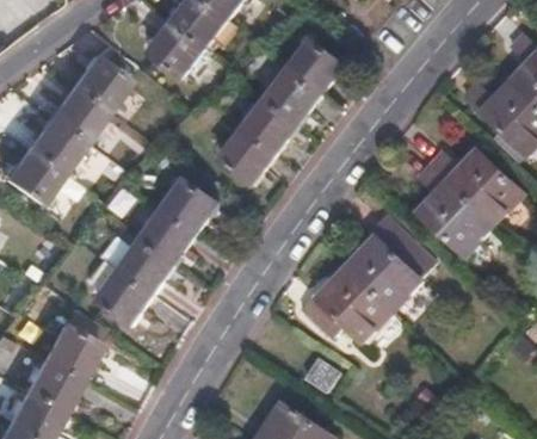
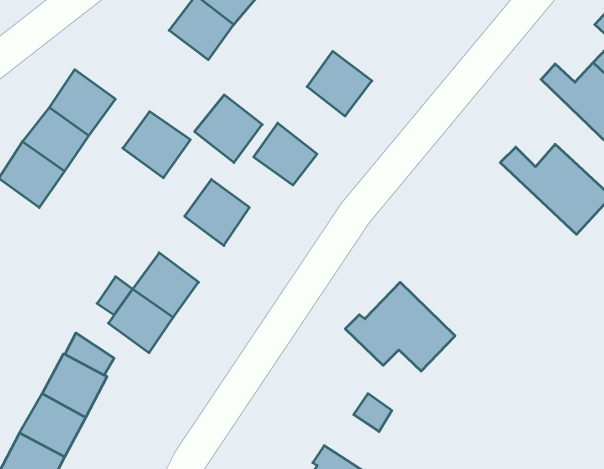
building: [288,39,344,95] -> none
building: [69,55,126,111] -> [123,112,190,178]
building: [241,100,298,157] -> [195,95,262,163]
building: [416,165,494,255] -> none
building: [141,210,196,266] -> none
building: [345,219,432,311] -> none

